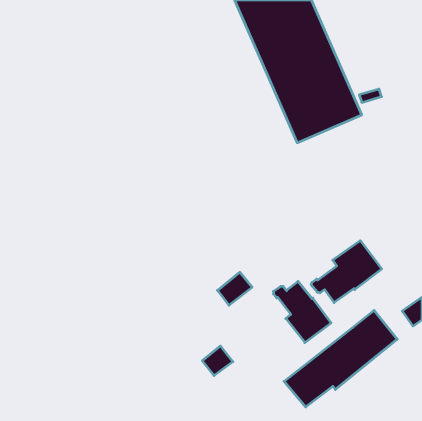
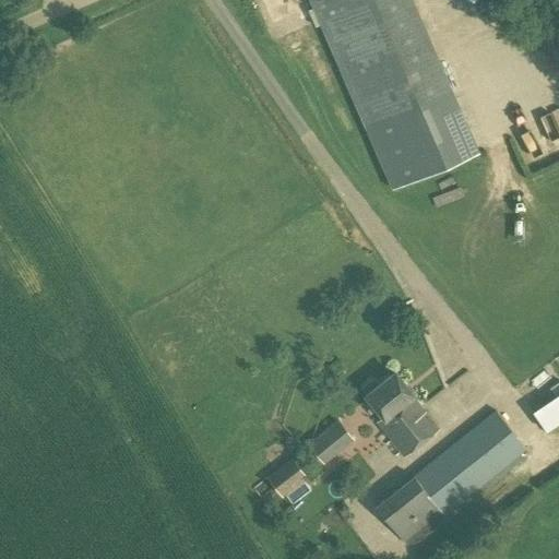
building: [311,241,382,303] -> none
building: [217,272,252,305] -> [308,421,354,465]

